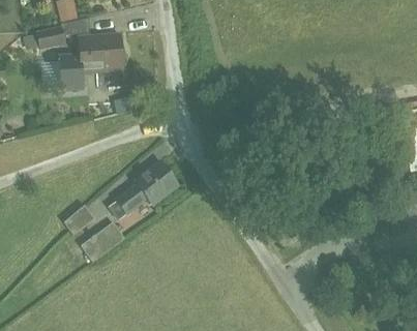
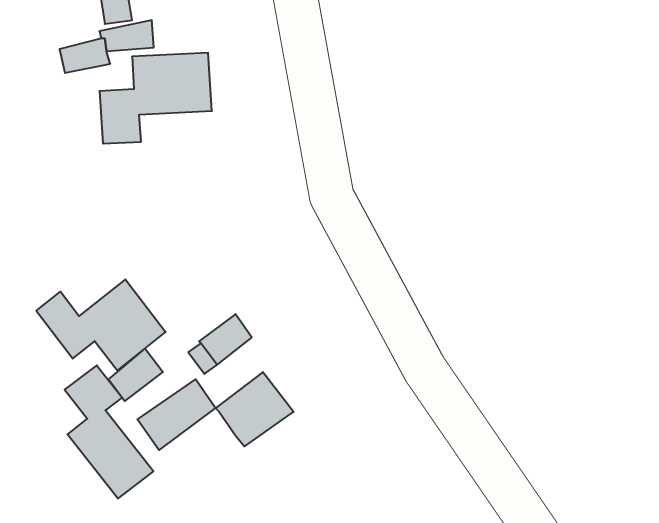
building: [135,161,179,204] -> [216,372,294,446]
building: none -> [36,279,166,370]
building: none -> [65,365,153,499]

